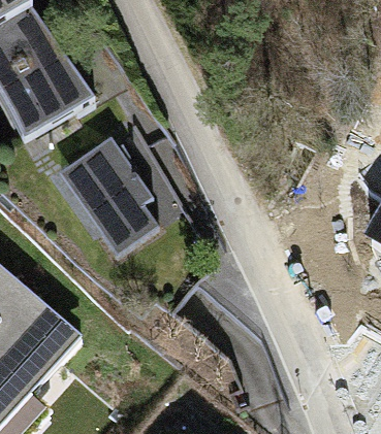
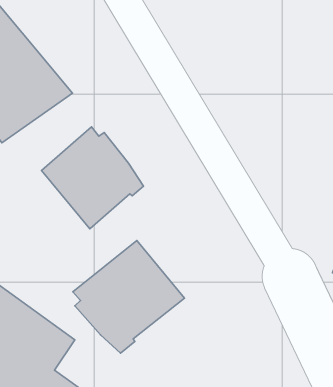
building: none -> [73,241,184,353]

